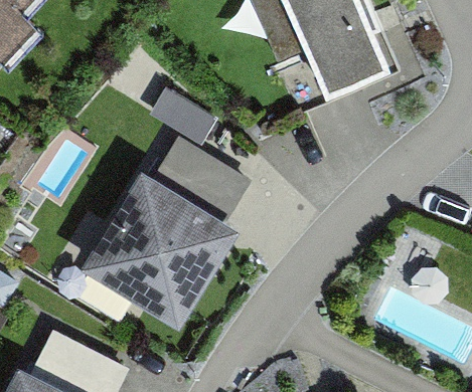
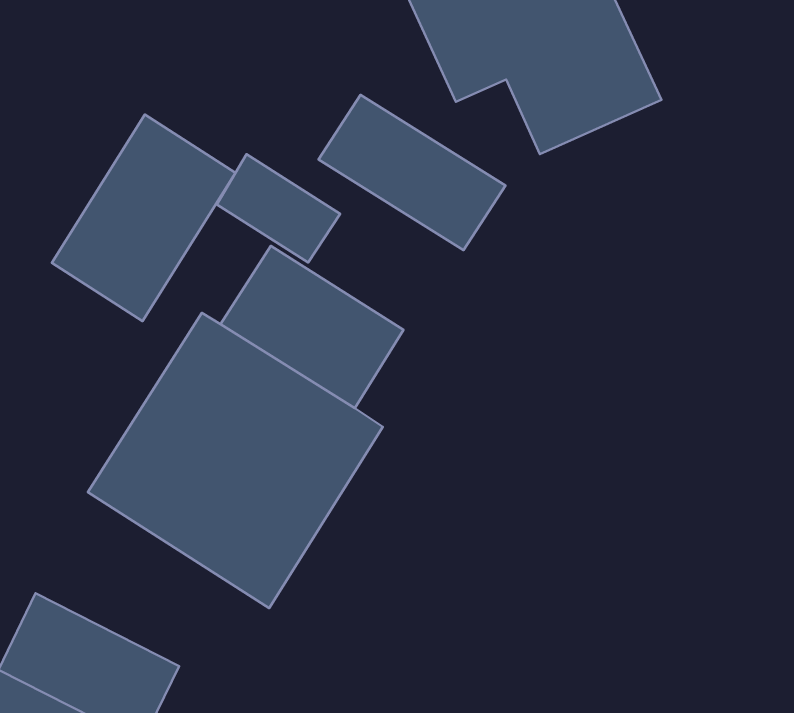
building: none -> [318,95,506,250]
building: none -> [52,114,235,321]

